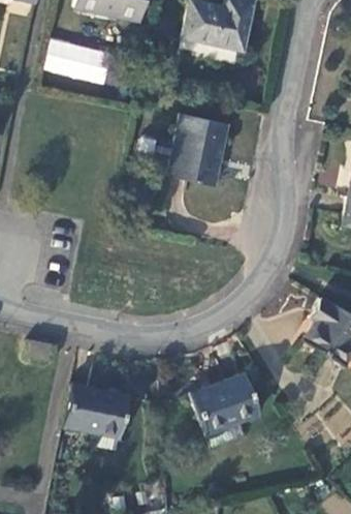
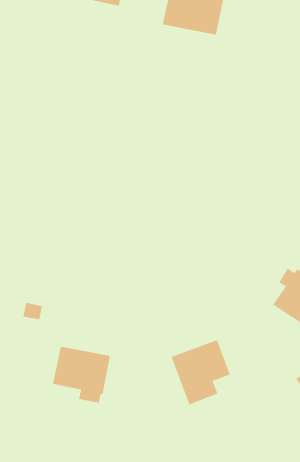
building: [46,42,111,82] -> none
building: [170,117,228,188] -> none

